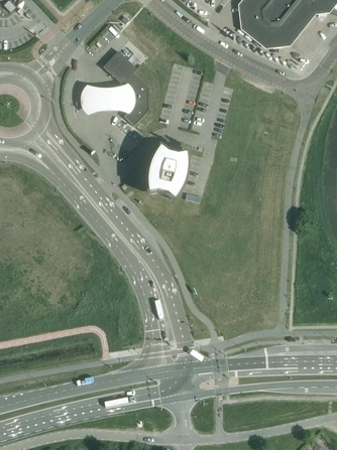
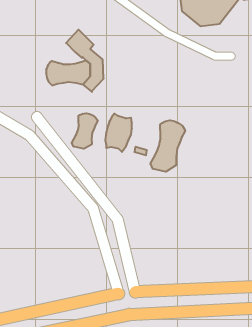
building: none -> [72,113,98,149]
building: none -> [151,120,185,172]

